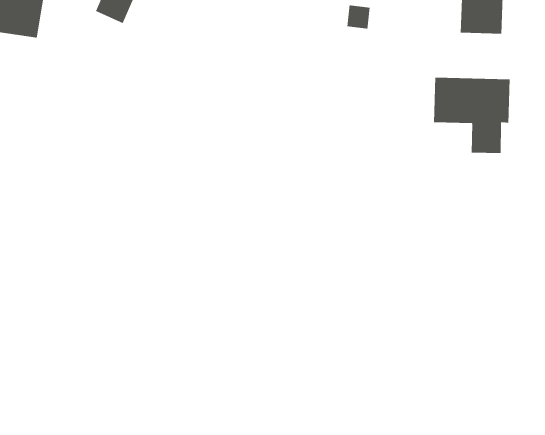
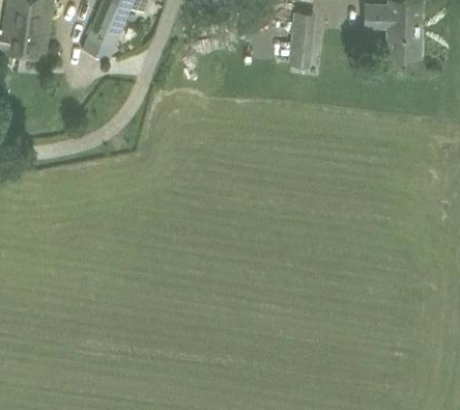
building: [433,77,510,154] -> none

